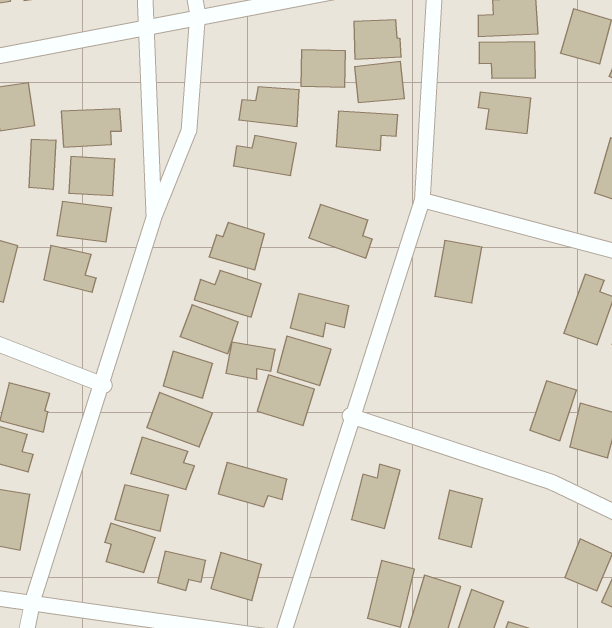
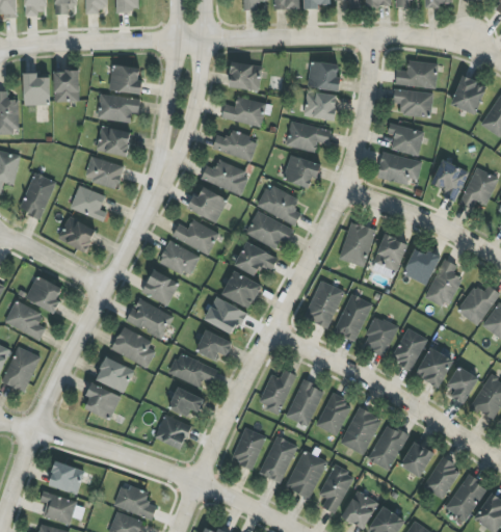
building: [301,50,345,87] -> [228,61,262,91]
building: none -> [109,64,142,94]
building: none -> [430,159,469,202]
building: none -> [377,154,421,184]
building: [29,139,56,190] -> none
building: none -> [282,155,321,188]
building: none -> [201,159,248,194]
building: none -> [244,211,293,249]
building: none -> [372,234,406,272]
building: none -> [402,248,440,285]
building: none -> [57,216,96,252]
building: none -> [304,281,344,328]
building: [226,342,275,379] -> [195,331,232,360]
building: none -> [334,294,371,342]
building: none -> [362,316,397,356]
building: none -> [285,379,324,426]
building: none -> [341,407,380,454]
building: none -> [368,424,406,470]
building: [158,551,206,590] -> [168,388,204,417]
building: none -> [231,427,266,469]

